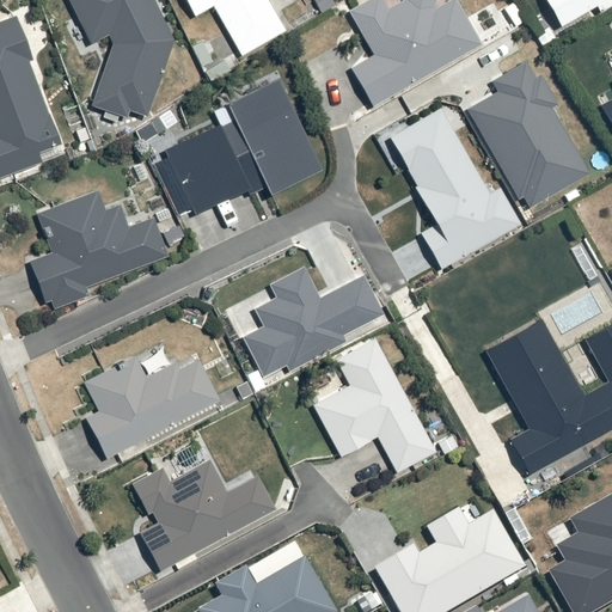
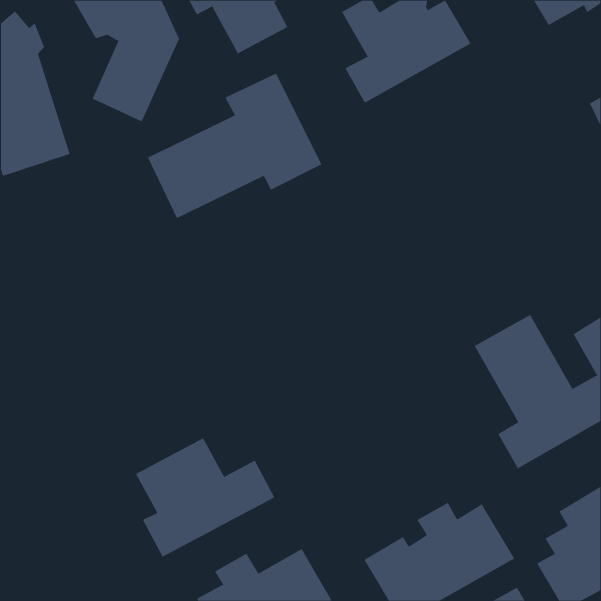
building: [466,65,586,207] -> none
building: [386,108,519,269] -> none
building: [31,186,172,302] -> none
building: [239,265,381,379] -> none
building: [312,337,435,473] -> none
building: [88,341,224,455] -> none

